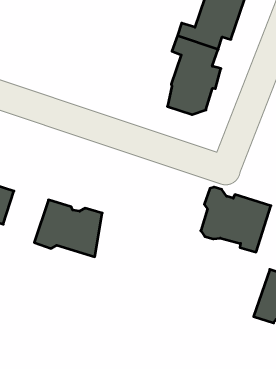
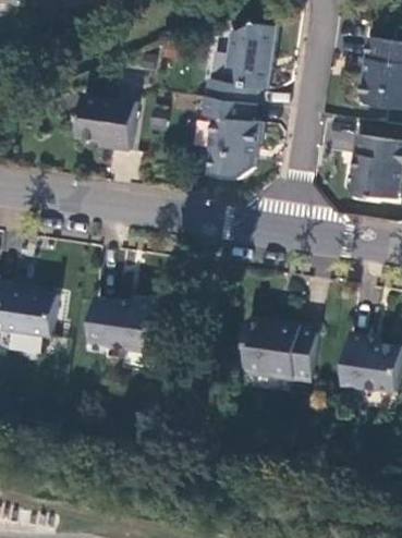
building: none -> [73,95,134,150]
building: [201,187,271,252] -> [245,319,318,382]

